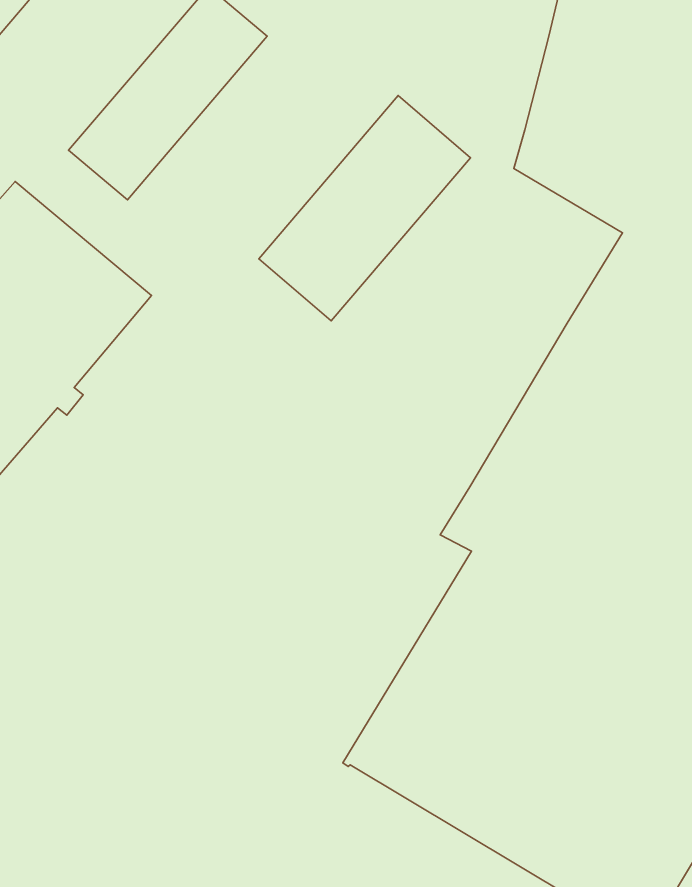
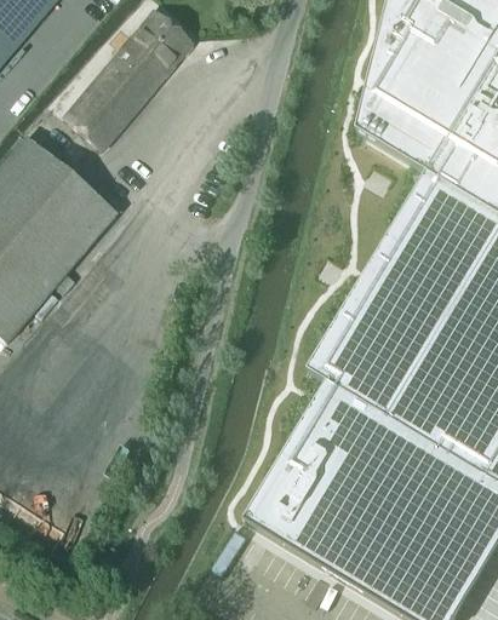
building: [259,96,470,321] -> none

